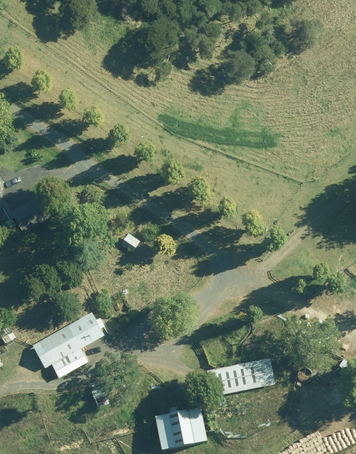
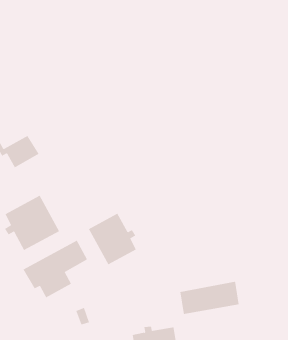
building: none -> [4,195,60,251]
building: none -> [88,213,137,265]

